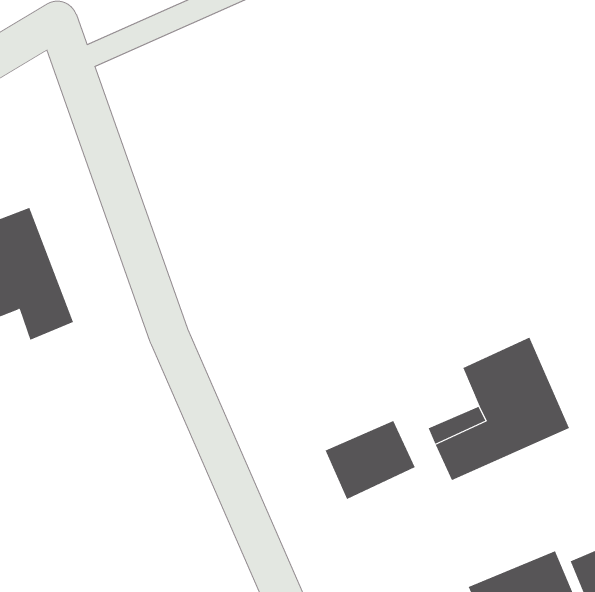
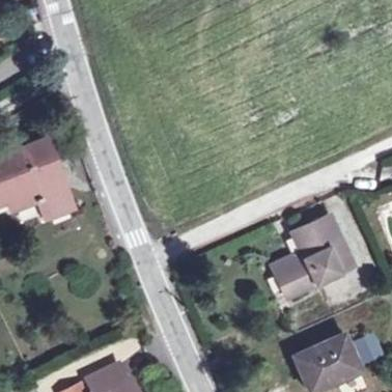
building: [325,420,415,500] -> none

